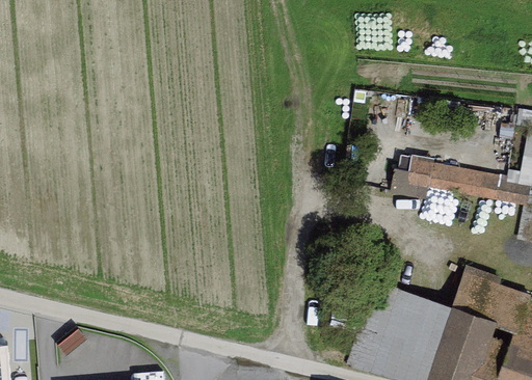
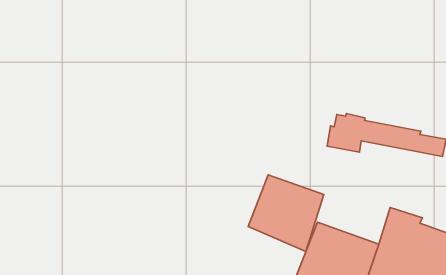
building: none -> [248,175,324,251]

